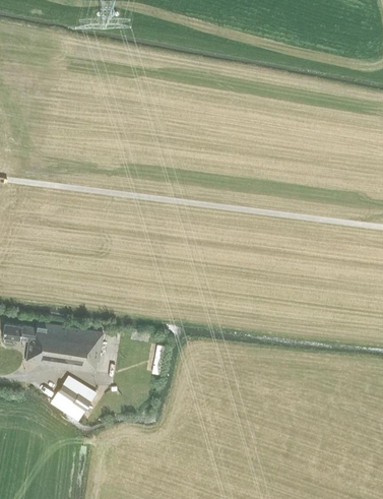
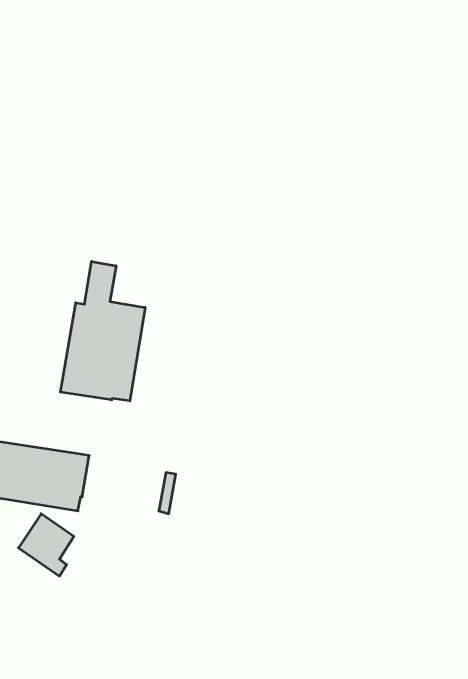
building: none -> [60,261,145,401]

